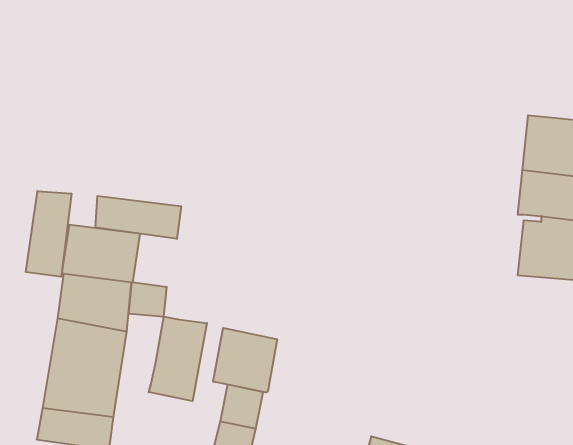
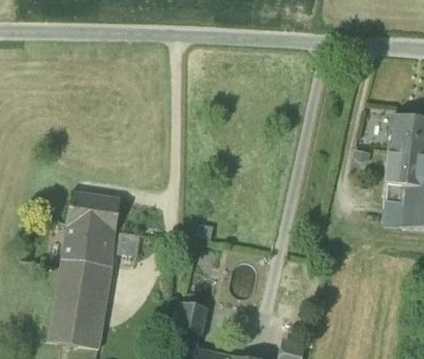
building: [26,191,72,277] -> none
building: [95,196,181,239] -> none
building: [149,317,207,401] -> none
building: [213,328,277,392] -> none

